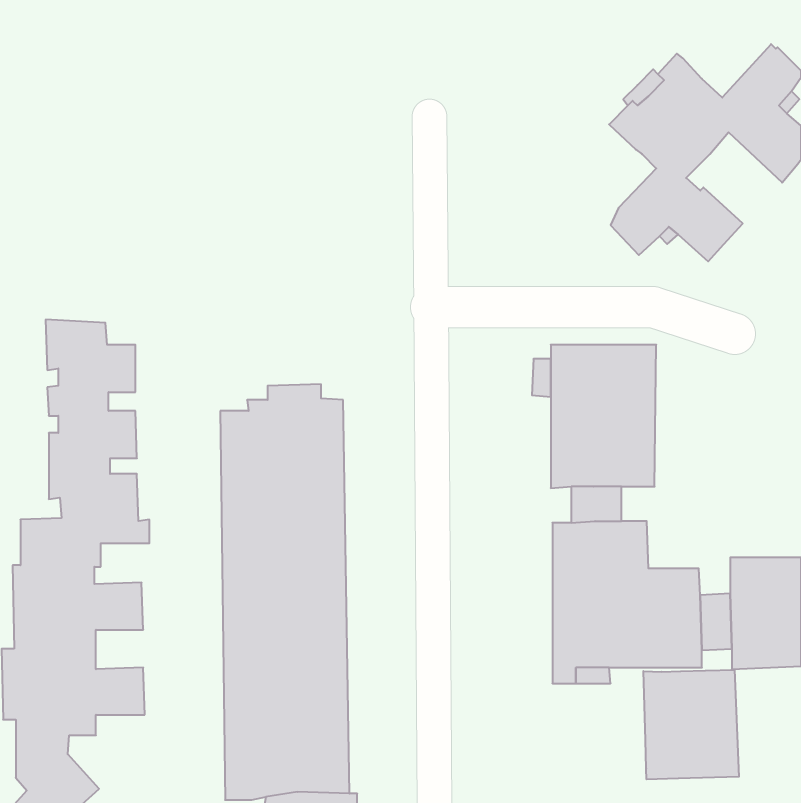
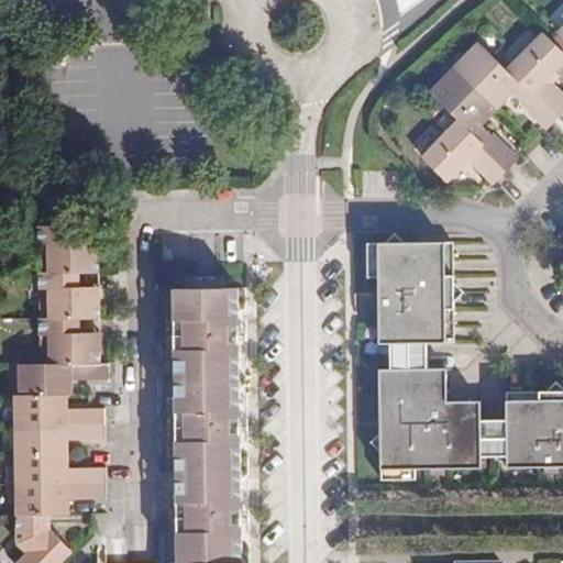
building: [643,670,739,779] -> none

